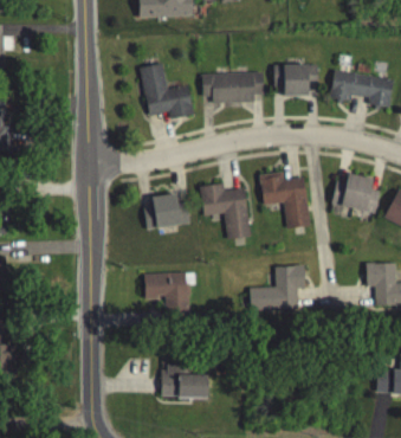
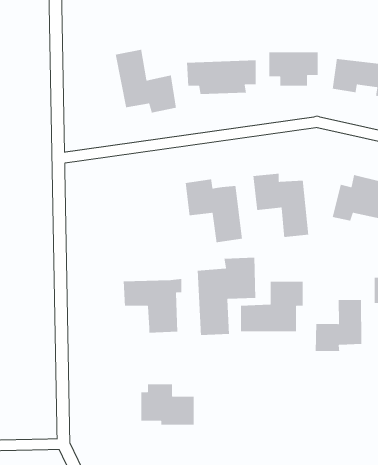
building: [145,186,193,223] -> none
building: none -> [197,257,256,336]
building: none -> [315,299,362,352]

